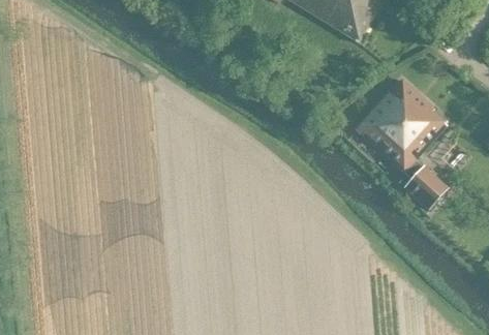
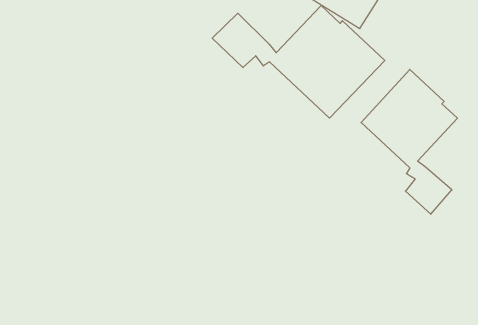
building: none -> [212,6,385,118]

